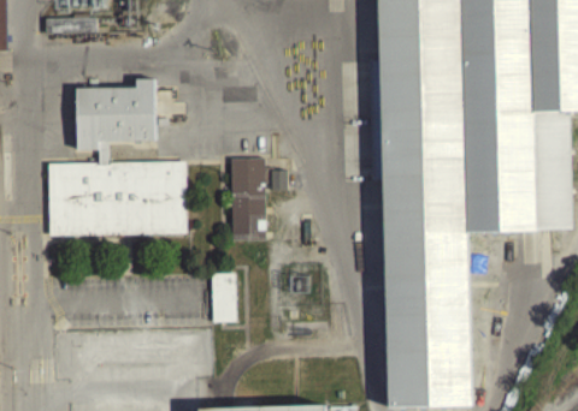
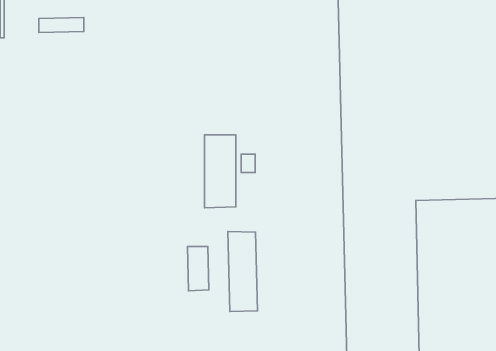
building: [48,77,185,234] -> none
building: none -> [228,232,257,312]

